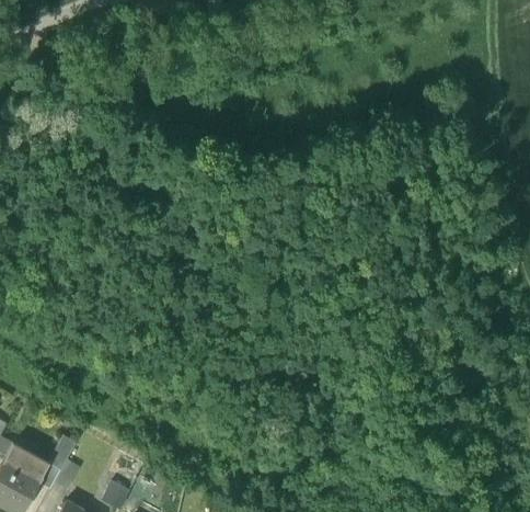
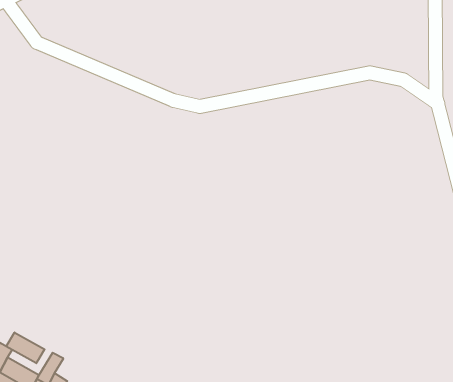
building: none -> [6,332,45,363]

